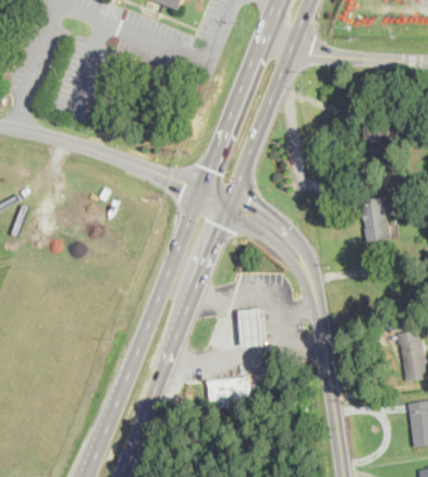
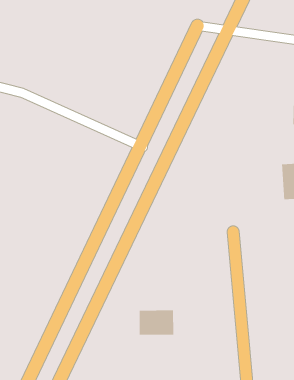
building: [239,308,262,346] -> none

